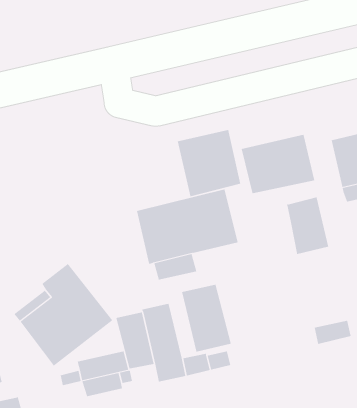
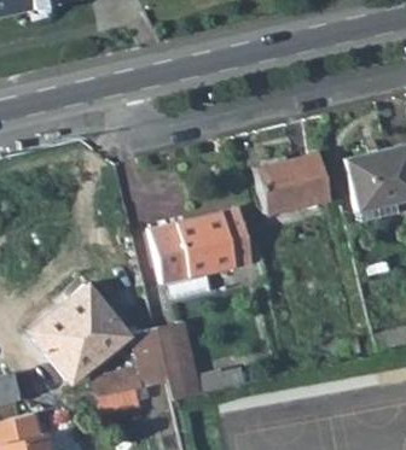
building: [177,129,241,197] -> none
building: [286,197,329,255] -> none
building: [181,284,231,352] -> none

